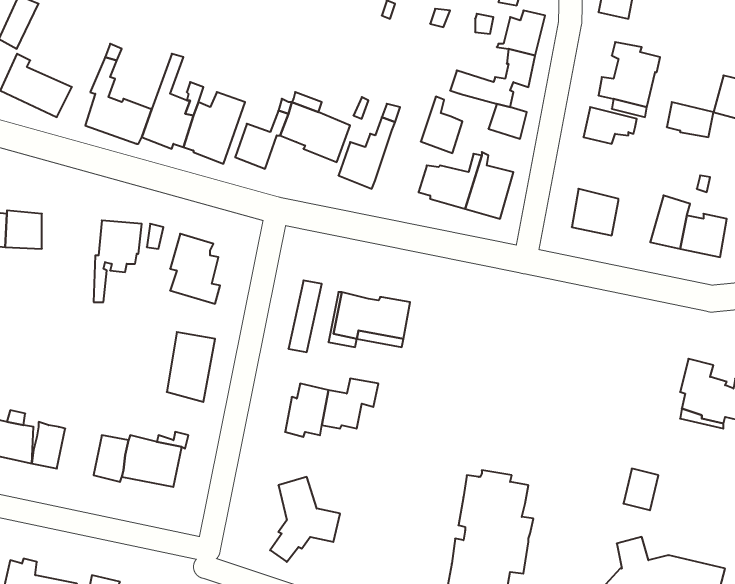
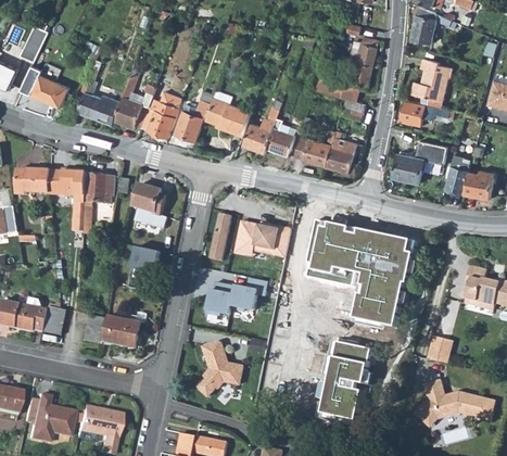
building: [421,97,462,153] -> [266,119,293,156]
building: [667,102,713,137] -> [416,142,446,165]
building: none -> [49,170,86,231]
building: none -> [304,220,415,329]

